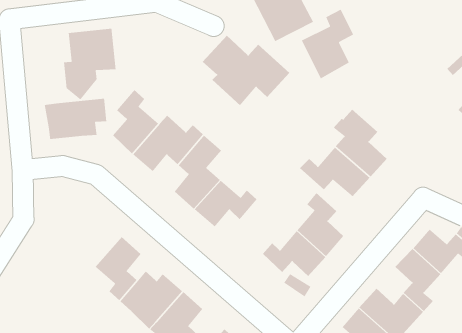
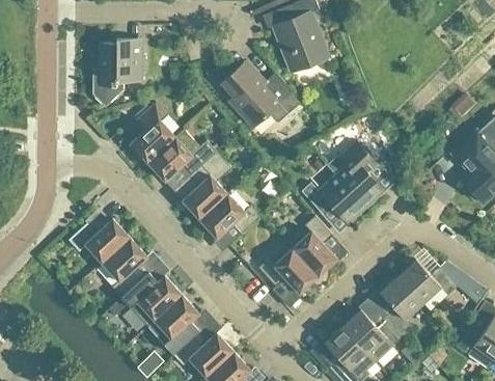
building: [301,8,354,79] -> none
building: [44,98,107,140] -> none
building: none -> [70,214,130,263]

